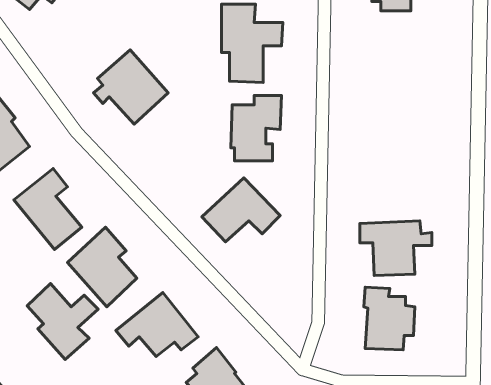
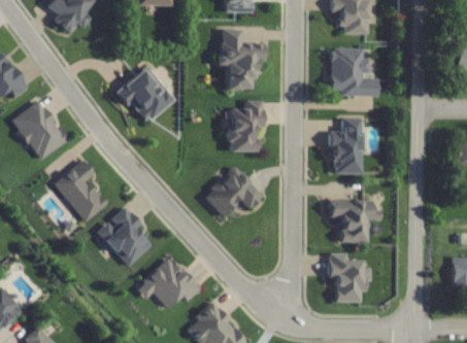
building: none -> [328,48,375,97]
building: none -> [328,118,360,175]
building: [27,284,98,360] -> none

